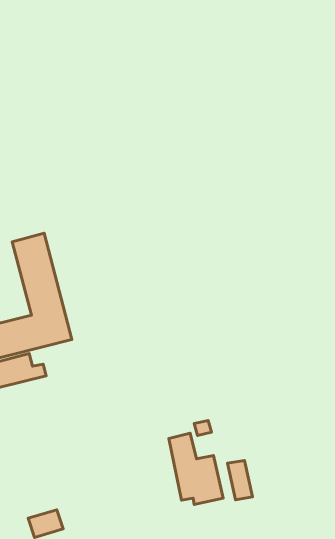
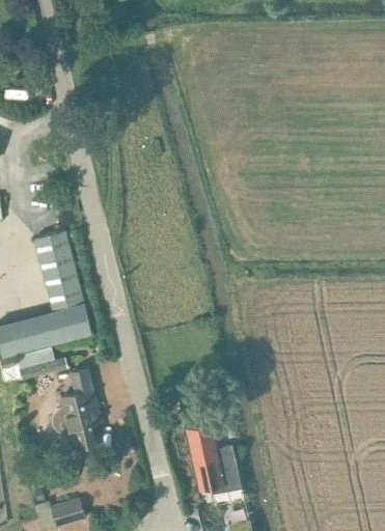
building: none -> [51,368,101,449]
building: [227,460,253,500] -> none

